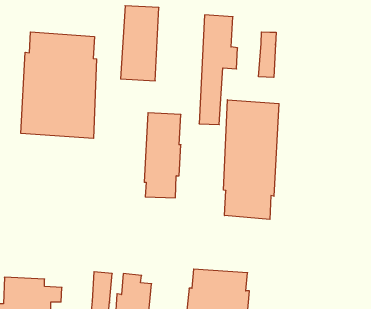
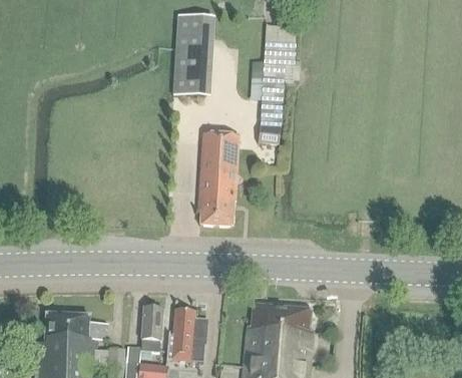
building: [259,32,276,77] -> none
building: [21,32,97,138] -> none
building: [224,100,279,219] -> none

